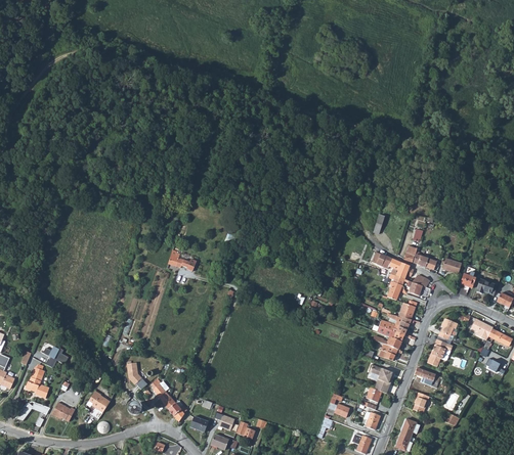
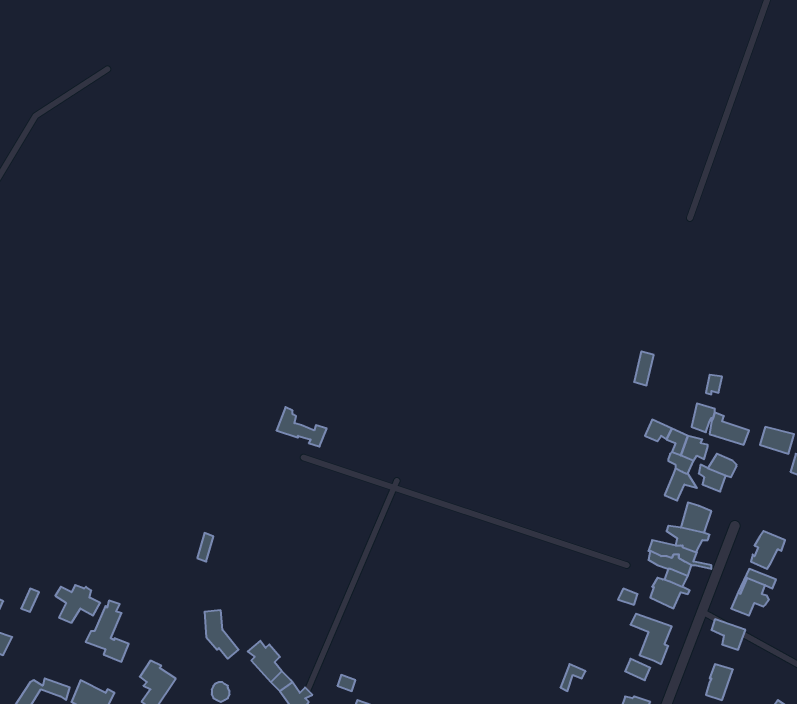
building: [23,365,47,400] -> [86,601,129,662]

